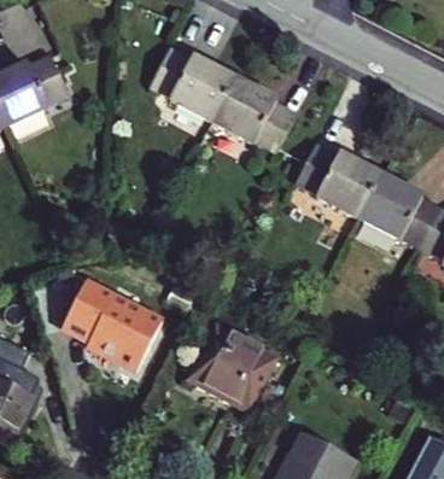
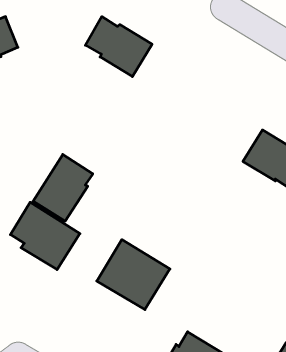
building: [214,76,297,148] -> none
building: [297,144,381,215] -> none
building: none -> [33,154,93,221]

